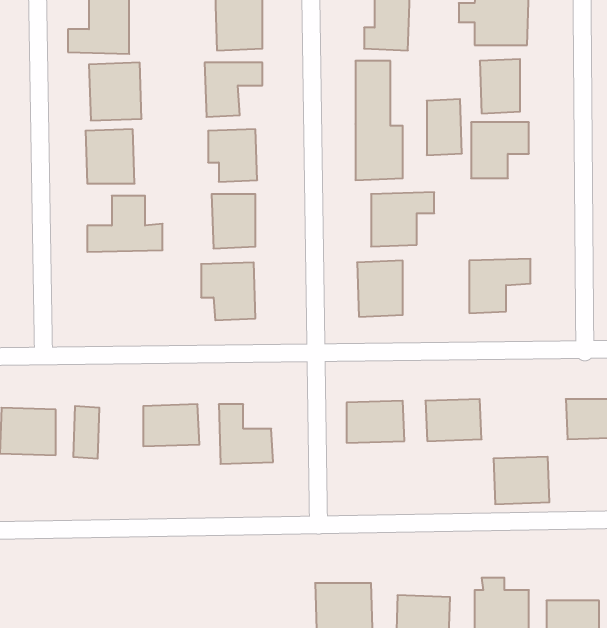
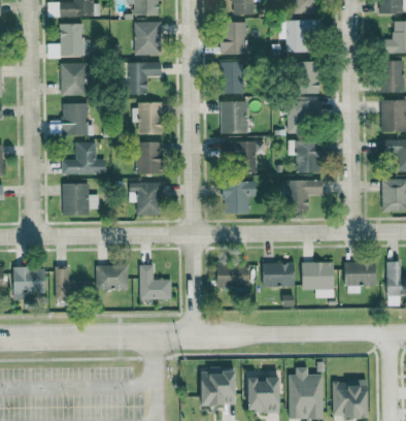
building: [427,99,462,155] -> [297,139,317,172]
building: none -> [62,184,101,215]
building: [493,457,549,504] -> [301,262,334,290]

